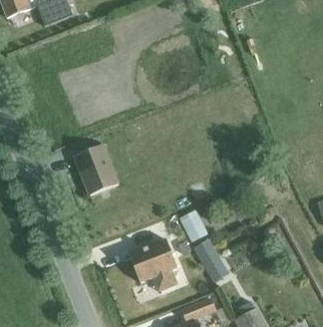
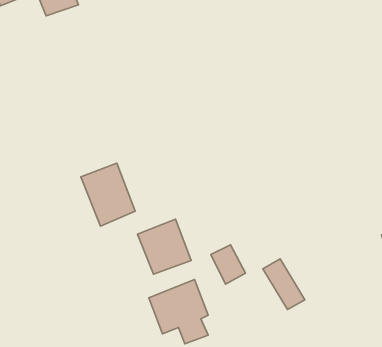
building: none -> [137,219,191,274]
building: [194,240,228,281] -> [263,259,305,310]

